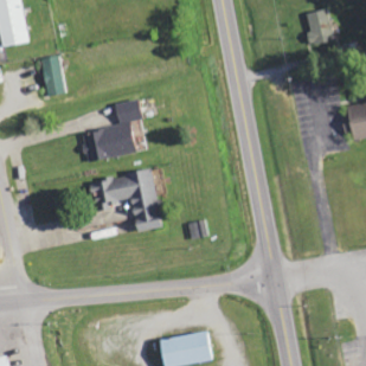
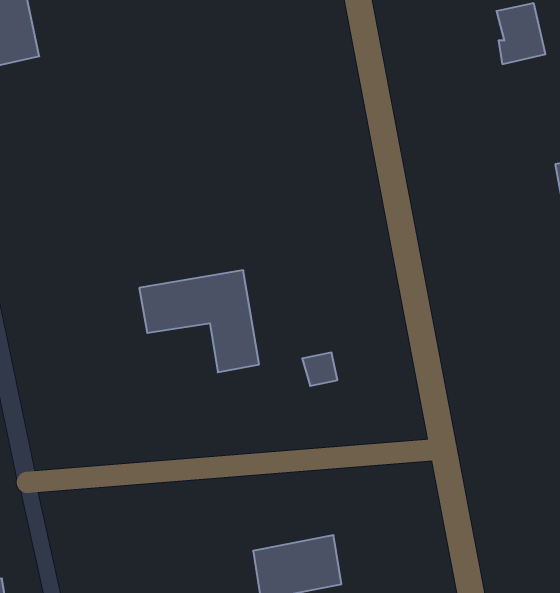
building: [41,54,64,95] -> none
building: [82,98,141,160] -> none

